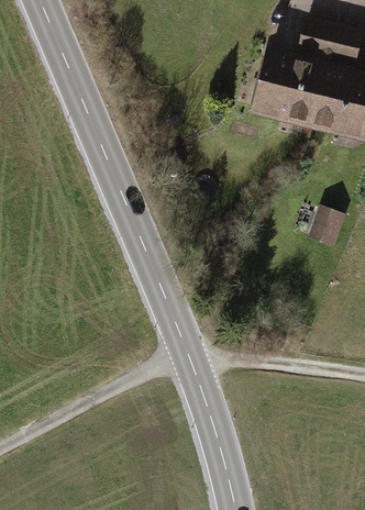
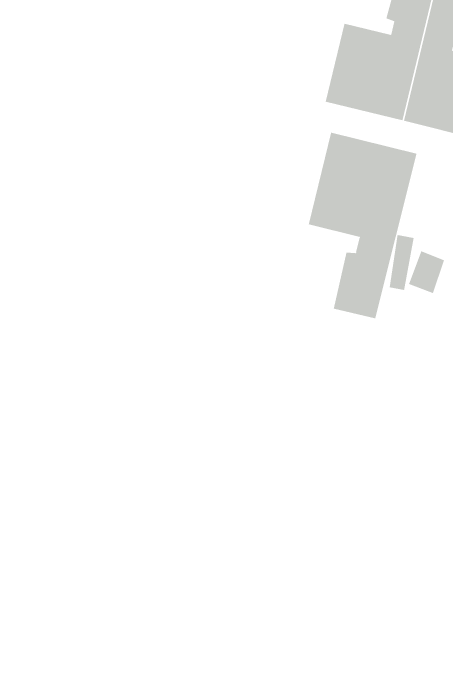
building: none -> [308,132,417,319]

